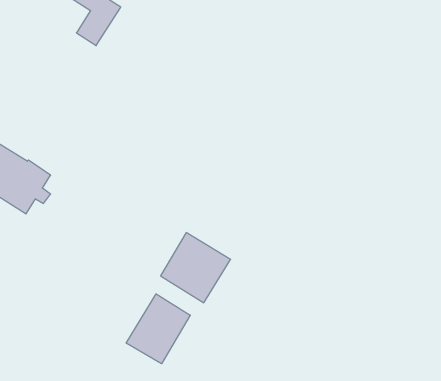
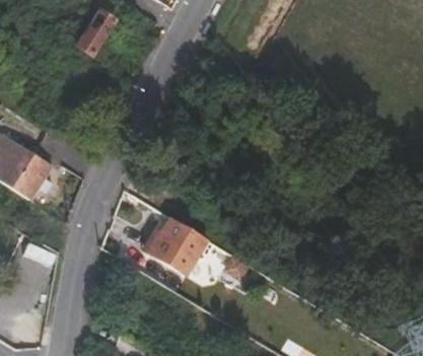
building: [126,294,190,364] -> none

